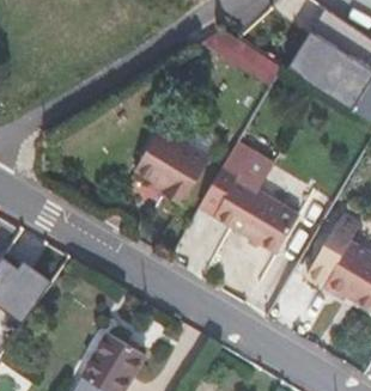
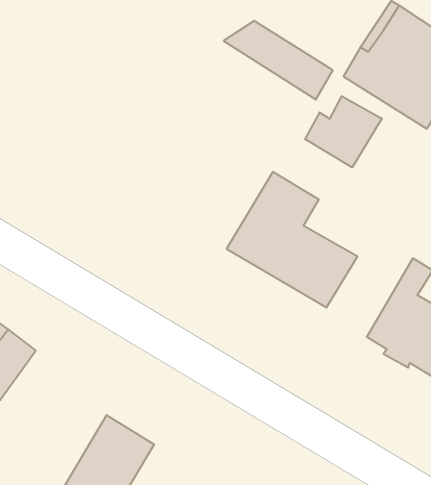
building: none -> [305,96,382,167]
building: [133,127,207,201] -> none

